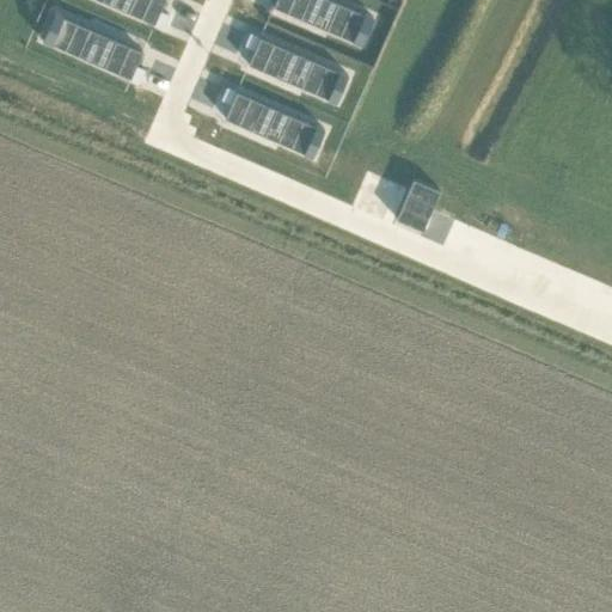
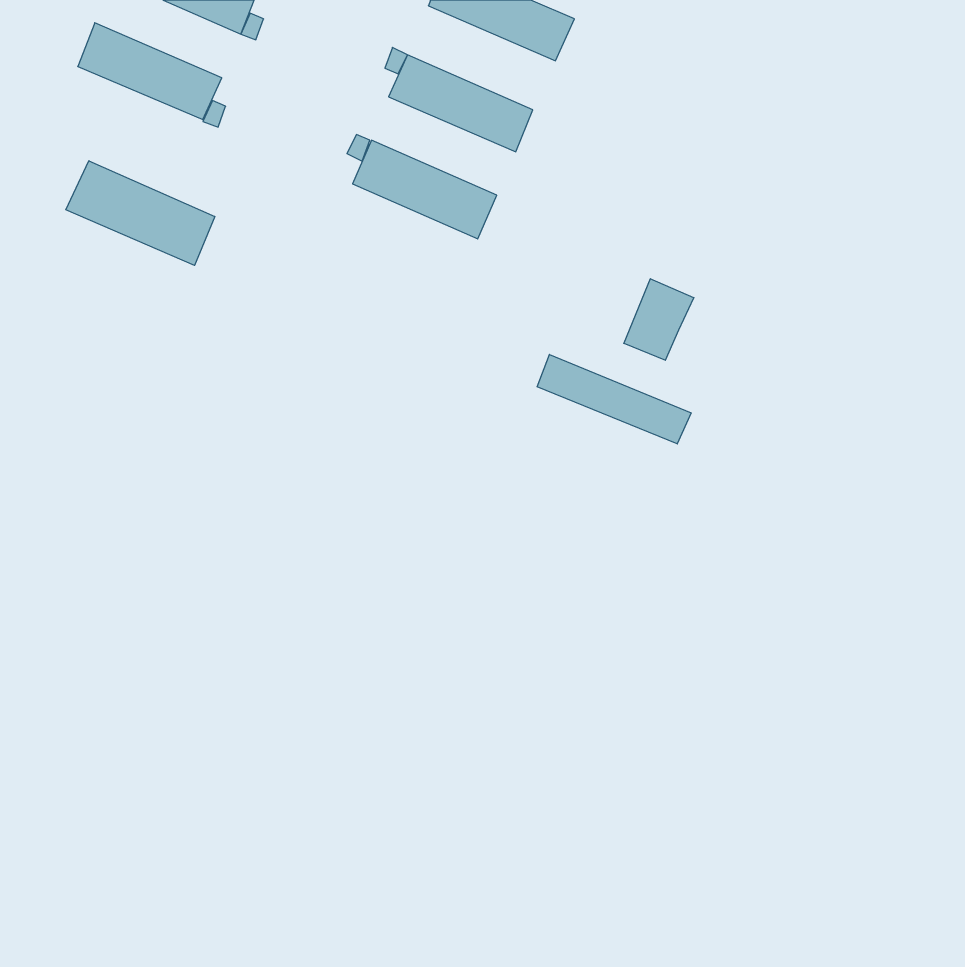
building: none -> [66,161,215,265]
building: none -> [537,354,691,444]

